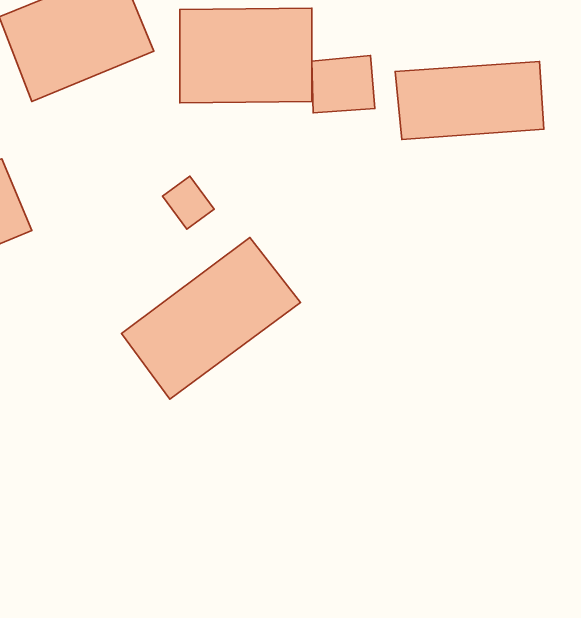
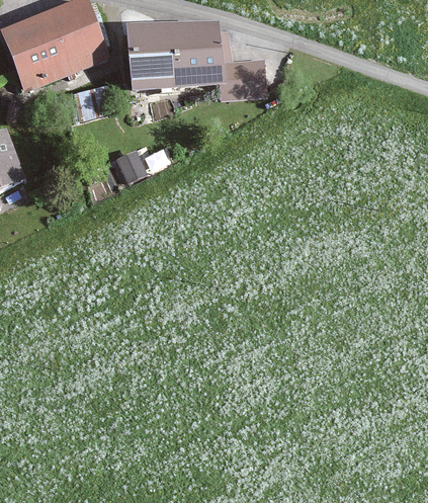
building: [395,62,544,140] -> none
building: [121,238,300,399] -> none

